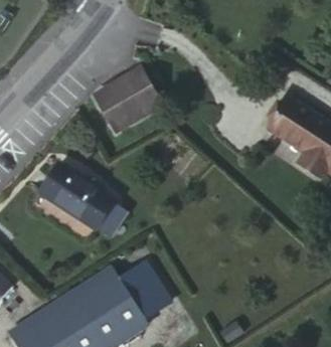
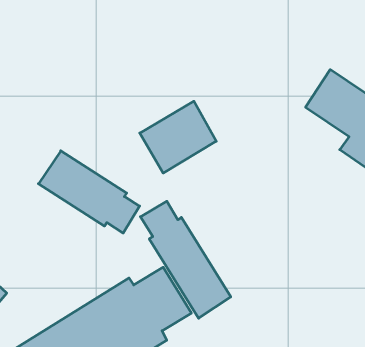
building: [95,67,160,129] -> [140,101,216,173]
building: none -> [140,201,231,318]

